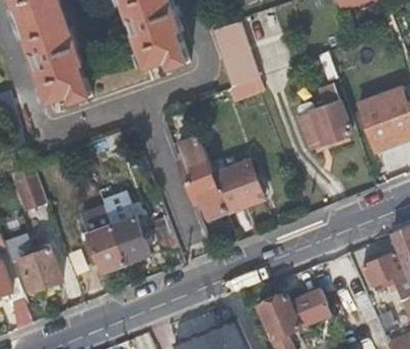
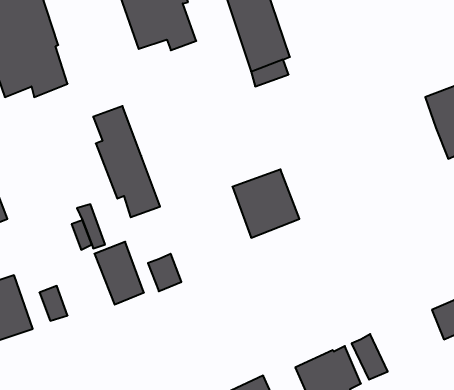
building: [297,80,350,145] -> none
building: [178,136,228,220] -> [93,106,160,217]
building: [84,224,125,273] -> none

